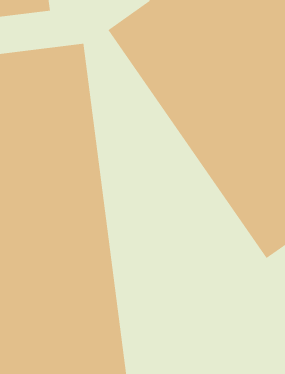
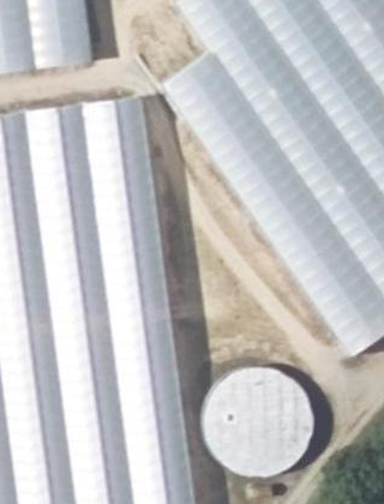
building: none -> [211,368,312,472]

